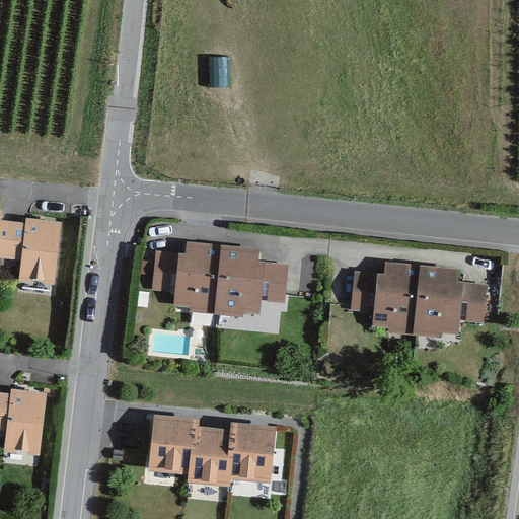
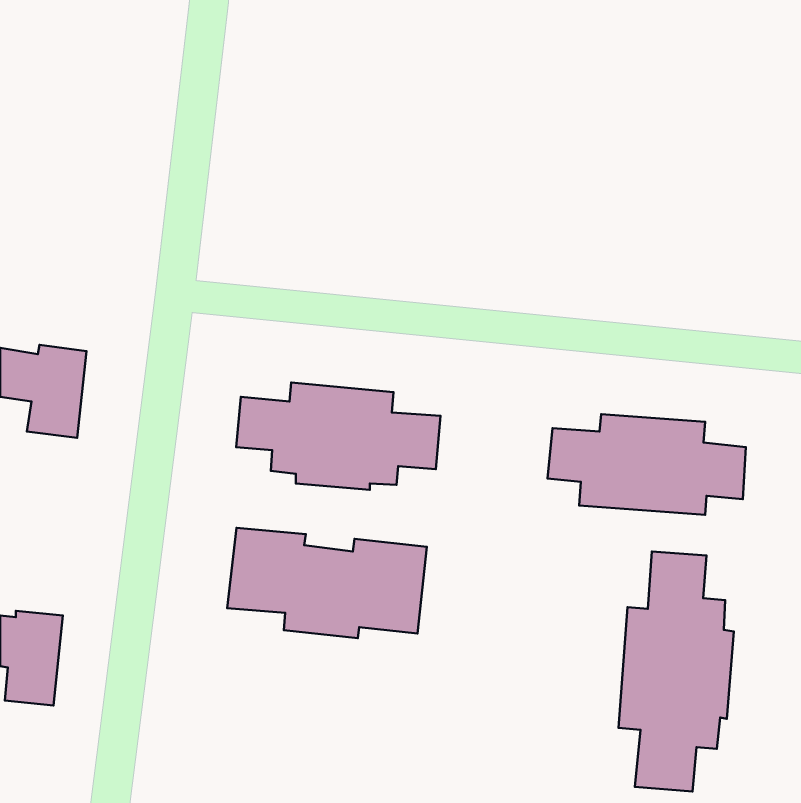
building: none -> [618,551,734,792]
building: [147,414,276,485] -> [227,528,427,638]

